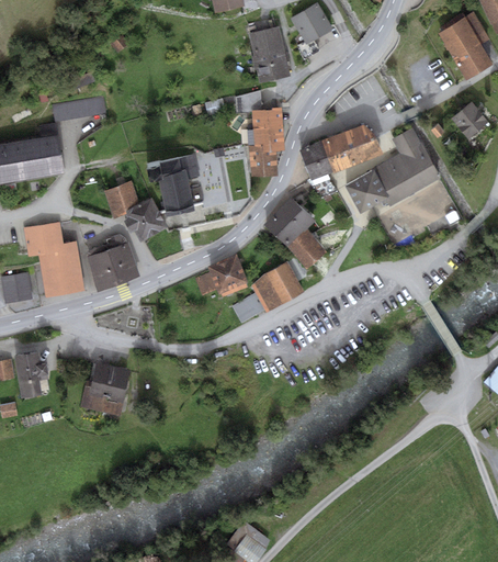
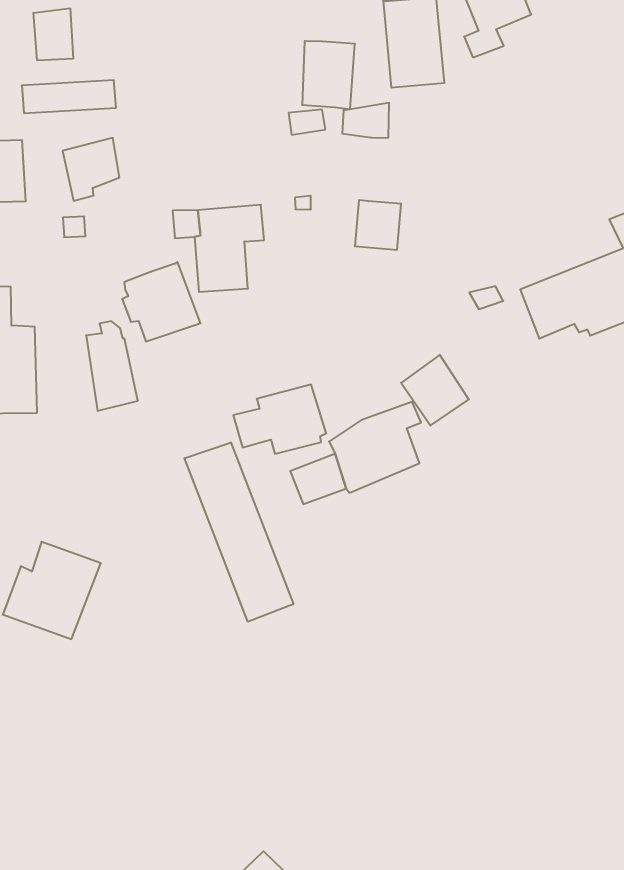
building: none -> [34,8,73,60]
building: [252,109,283,147] -> [302,41,355,109]
building: [301,125,383,180] -> none
building: [104,181,138,220] -> [63,138,119,201]
building: [265,199,315,247] -> none
building: [87,244,118,292] -> none
building: none -> [184,442,293,622]

